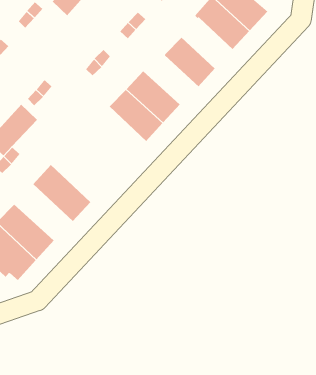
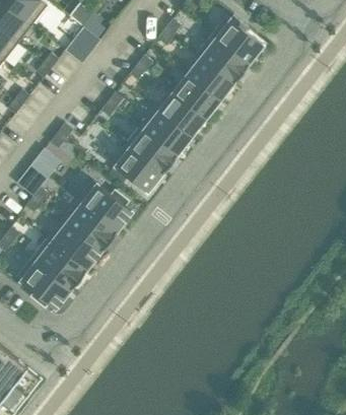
building: none -> [187,56,234,100]
building: none -> [154,88,206,136]
building: none -> [111,143,162,192]
building: none -> [77,180,132,231]
building: none -> [47,219,101,269]

